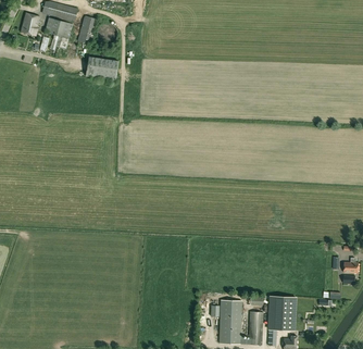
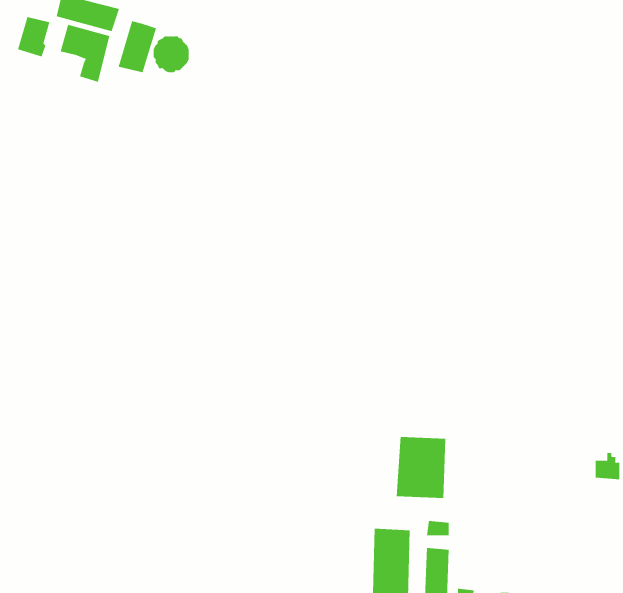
building: [86,57,117,78] -> none
building: [268,295,297,329] -> [396,436,446,498]

